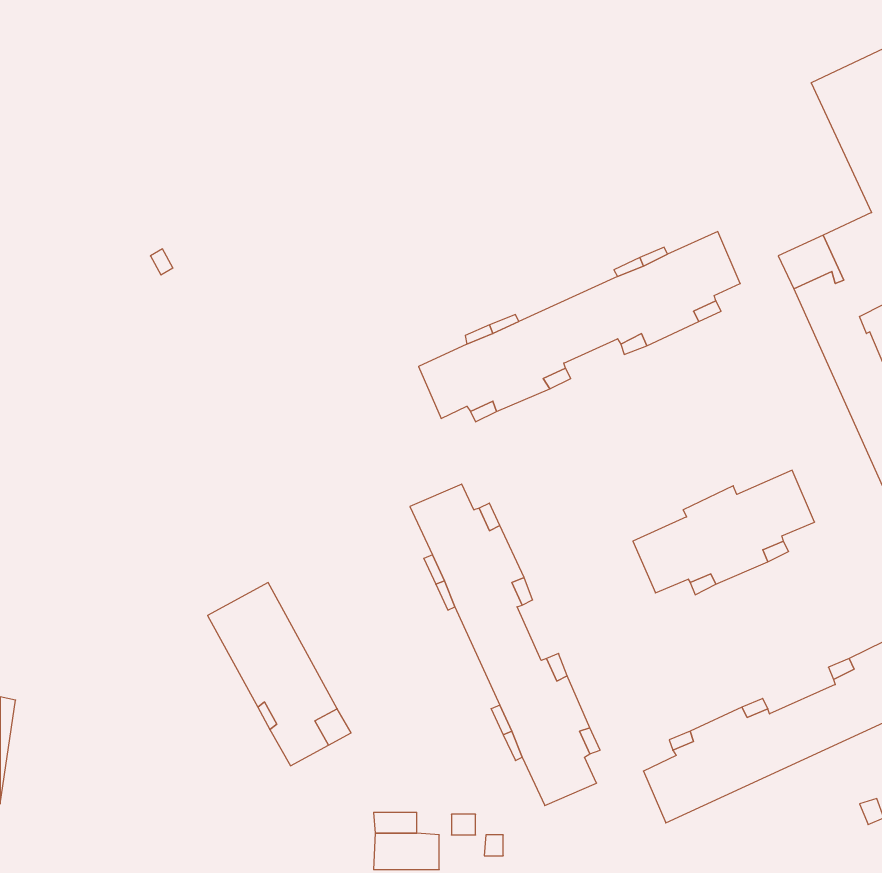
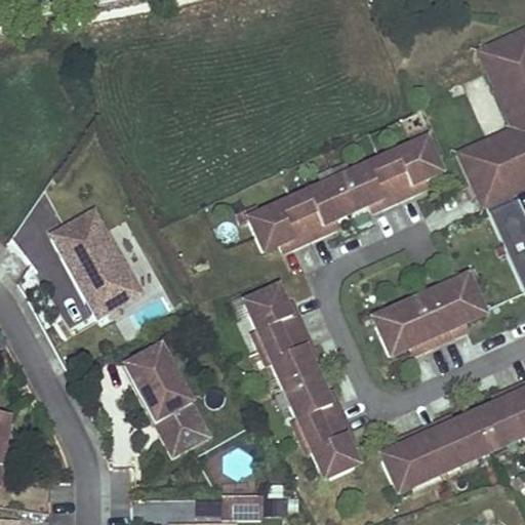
building: none -> [51,209,142,317]

